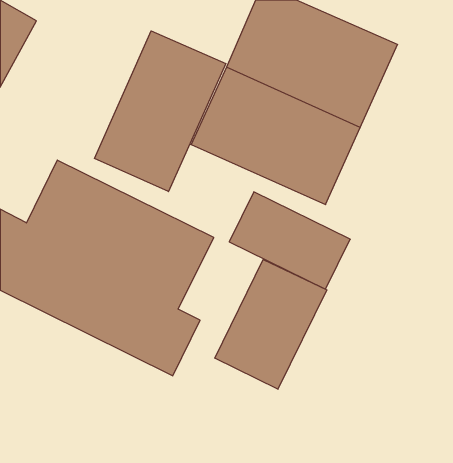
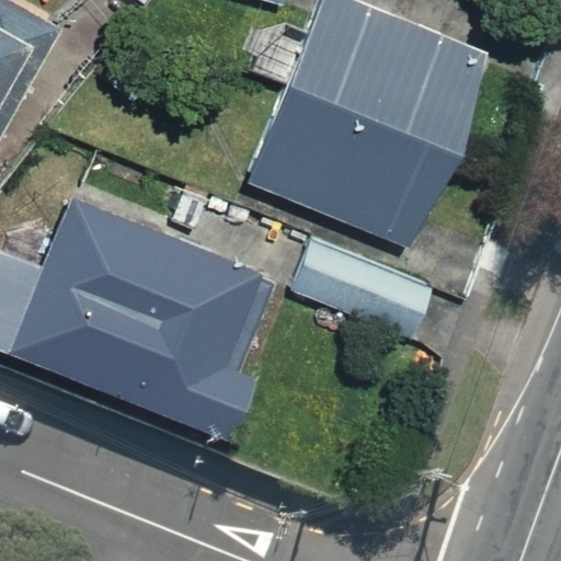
building: [94,31,226,192] -> none
building: [215,259,327,389] -> none

